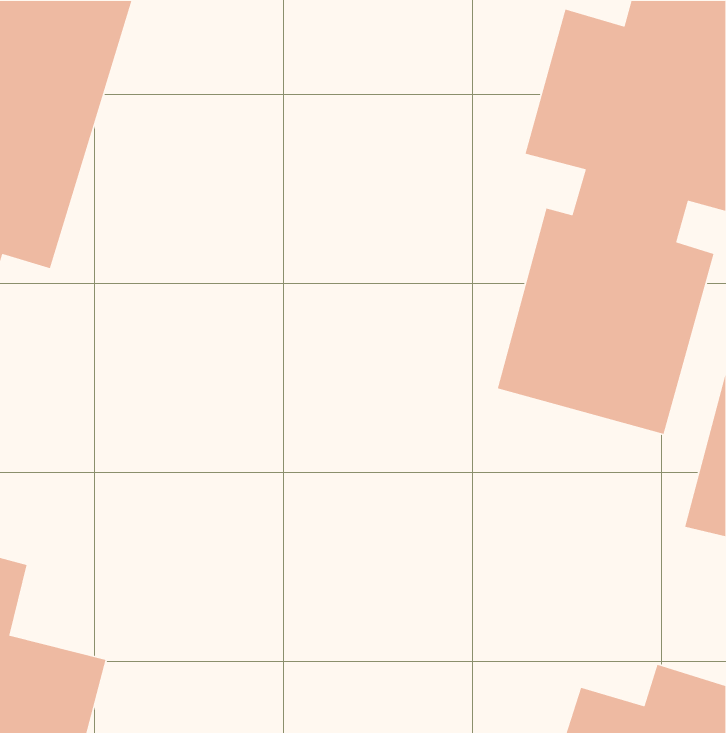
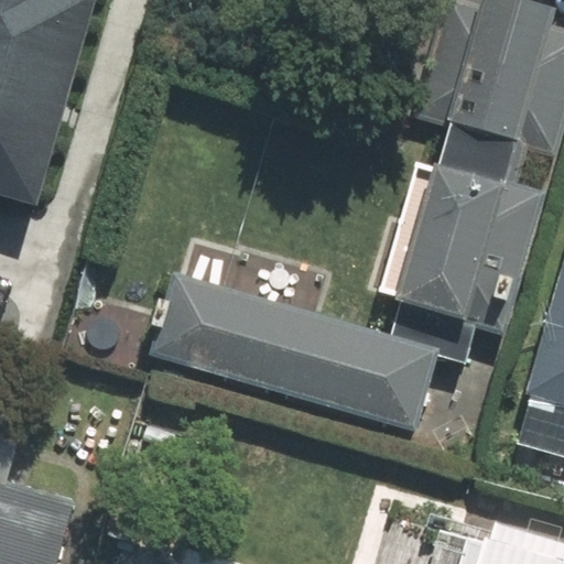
building: none -> [145,269,437,430]

